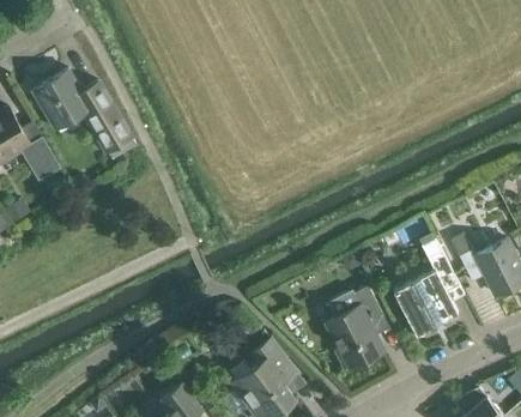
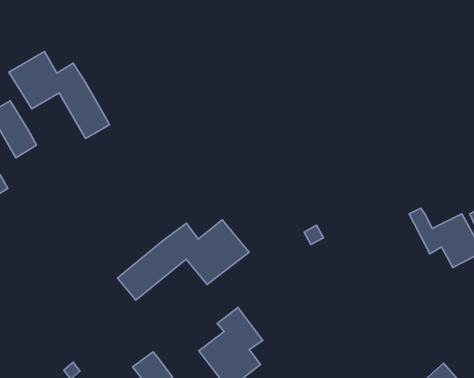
building: [393,237,464,336] -> none
building: none -> [117,220,249,300]
building: [326,285,383,369] -> none

